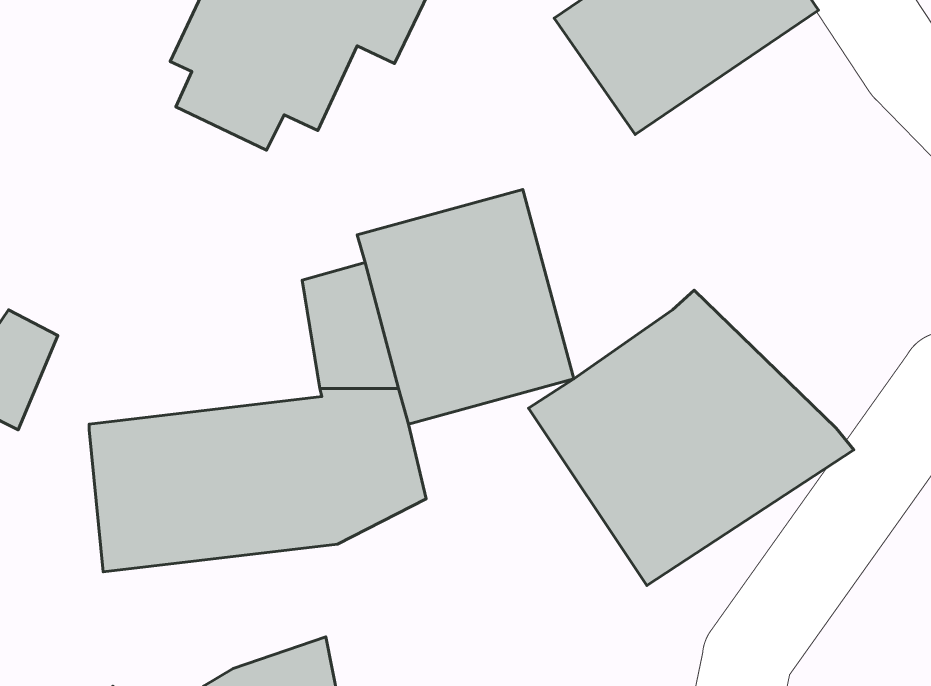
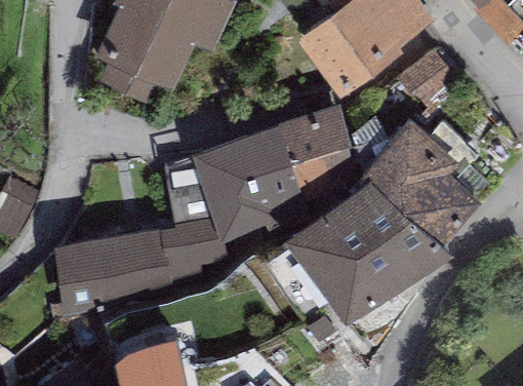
building: none -> [280,103,358,216]
building: none -> [365,116,479,241]

